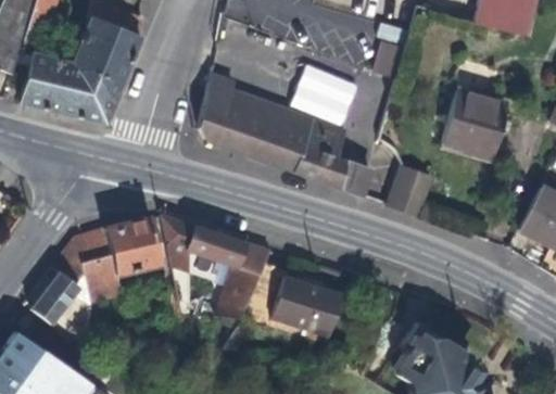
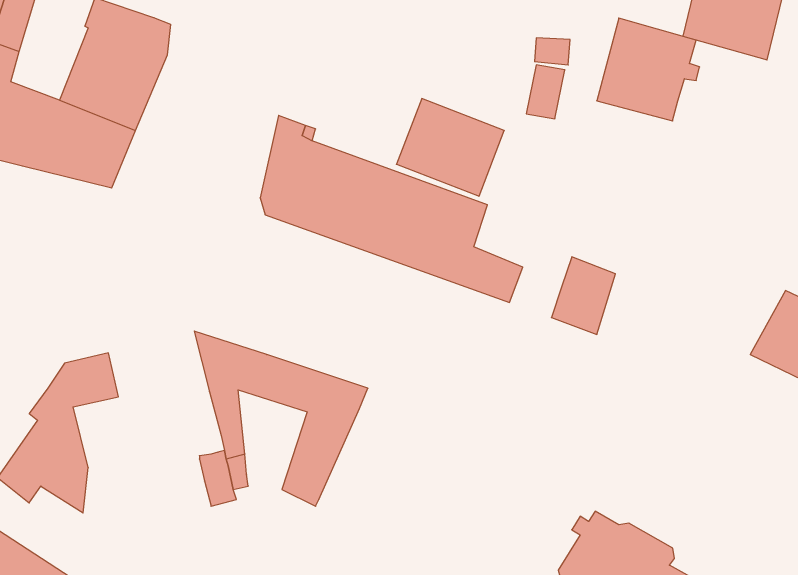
building: [440,91,506,157] -> [597,18,700,121]
building: [80,217,160,341] -> none
building: [239,264,339,336] -> none

